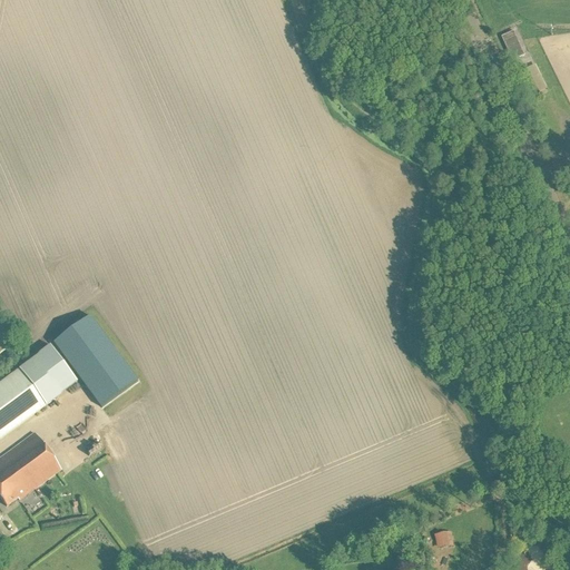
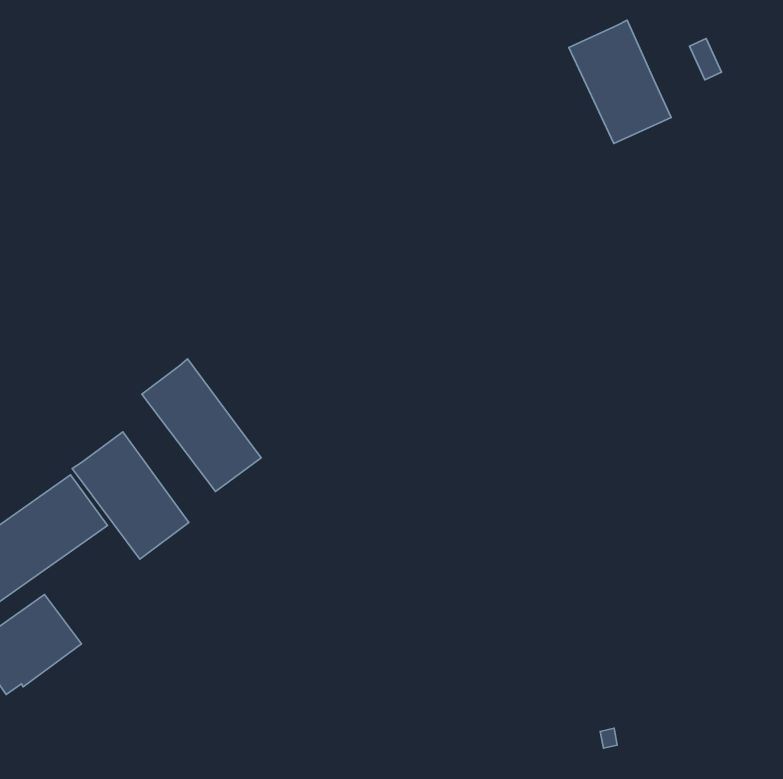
building: none -> [569,20,671,143]
building: none -> [142,359,261,491]

